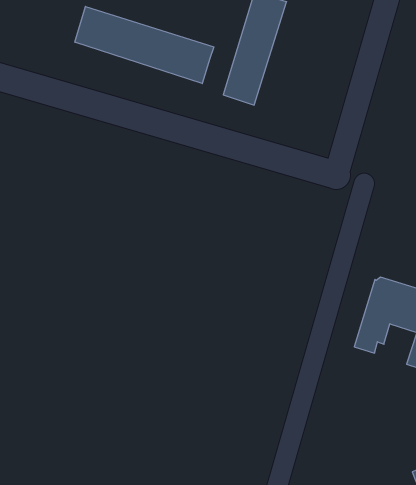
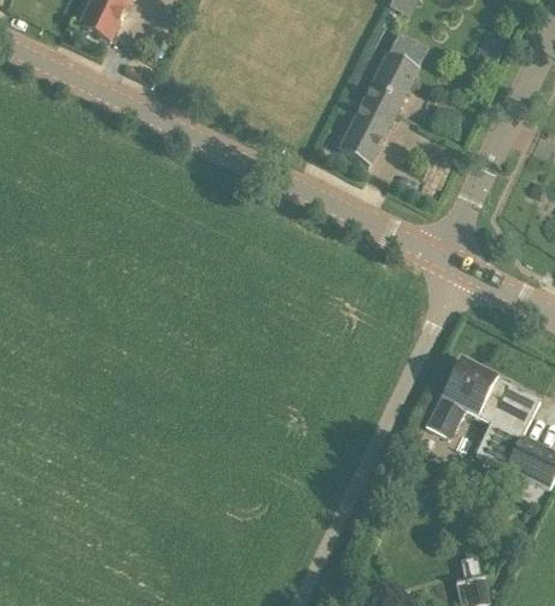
building: [75,6,214,84] -> none

